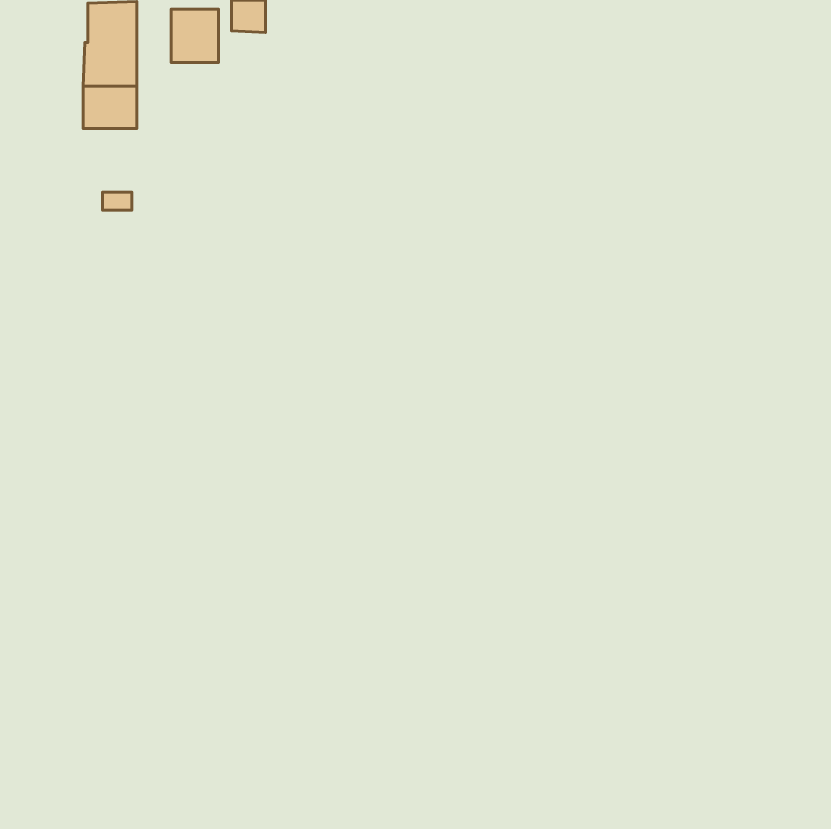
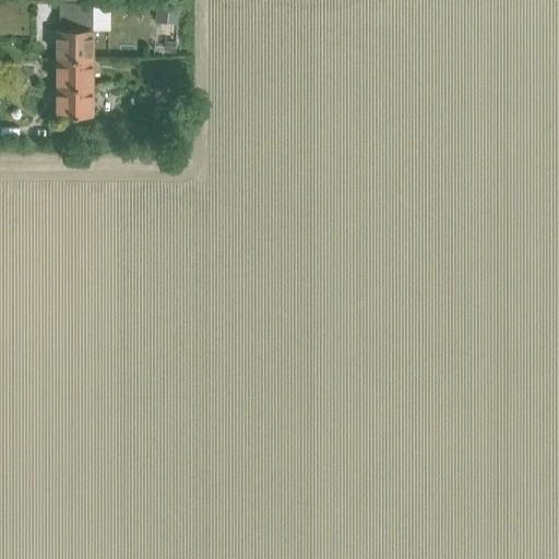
building: [171,9,218,62] -> none
building: none -> [57,88,93,118]

